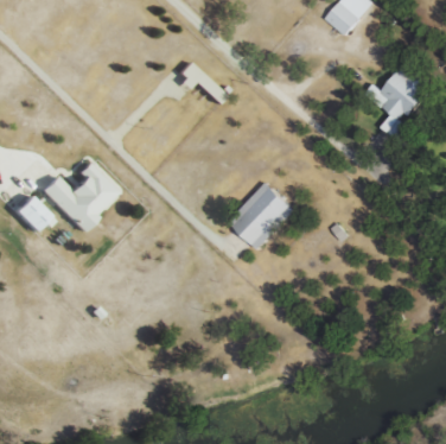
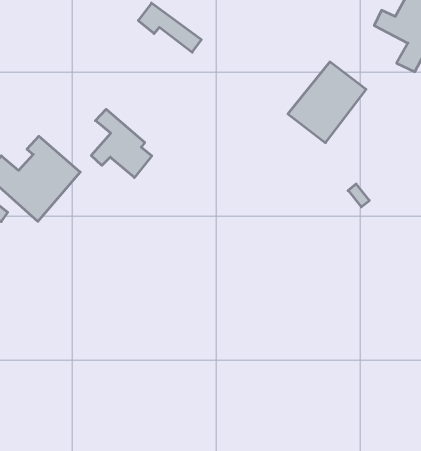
building: none -> [91,109,152,178]
building: [230,183,295,248] -> [288,62,366,143]

